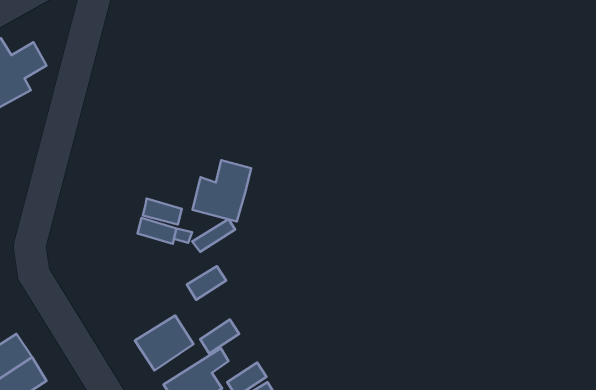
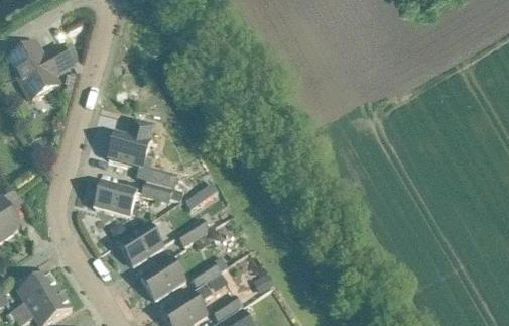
building: [193,160,251,221] -> [108,118,153,166]
building: none -> [94,182,135,216]
building: none -> [118,223,162,265]

